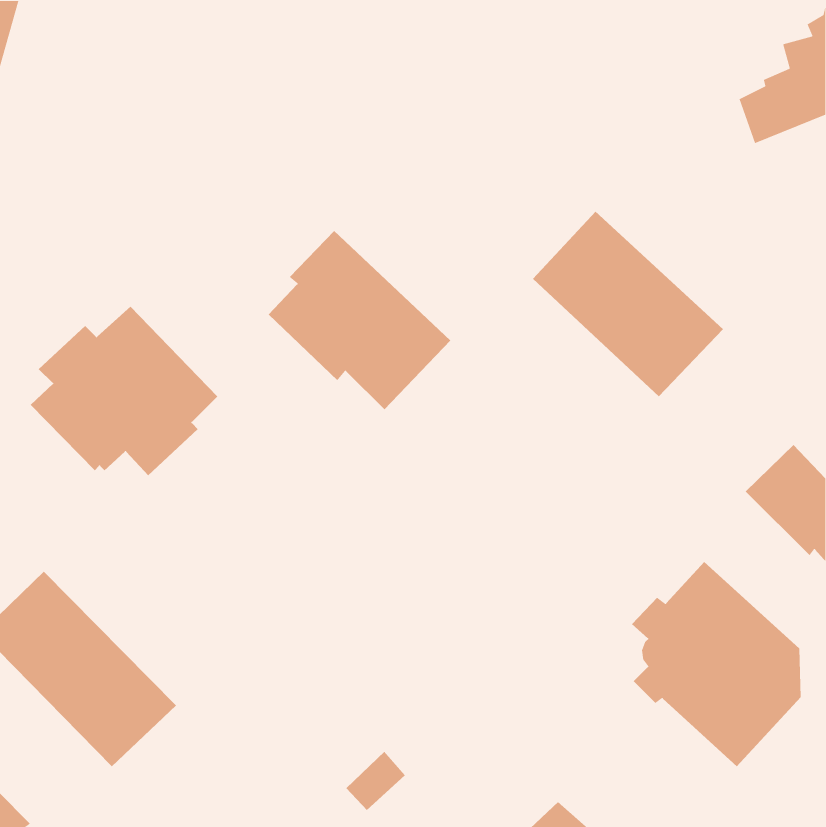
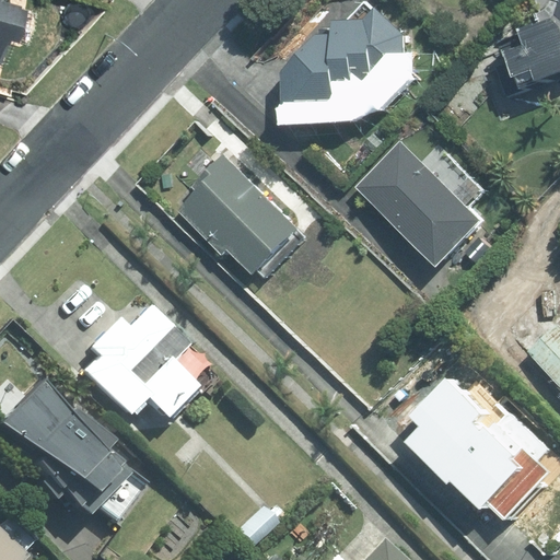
building: none -> [289,5,412,116]
building: [30,306,218,476] -> [74,307,201,422]

